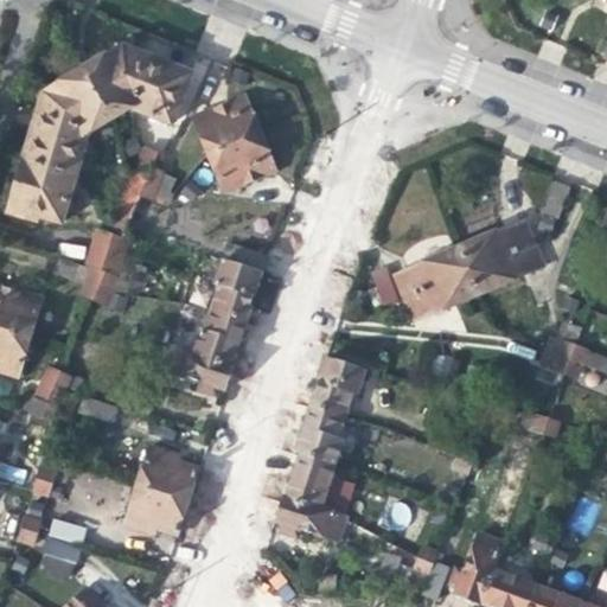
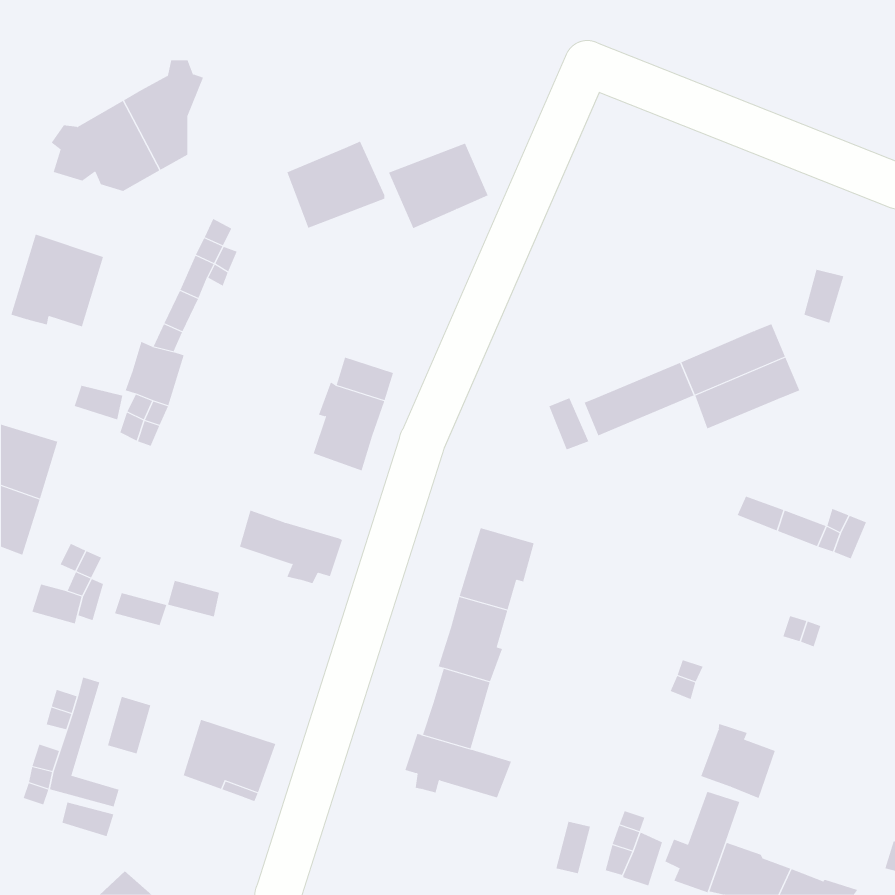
building: [129,52,191,121] -> none
building: [26,116,85,173] -> none
building: [210,134,277,192] -> [388,143,488,229]
building: [405,267,479,317] -> none
building: [194,306,247,363] -> none
building: [138,445,199,501] -> none
building: none -> [700,723,776,799]

